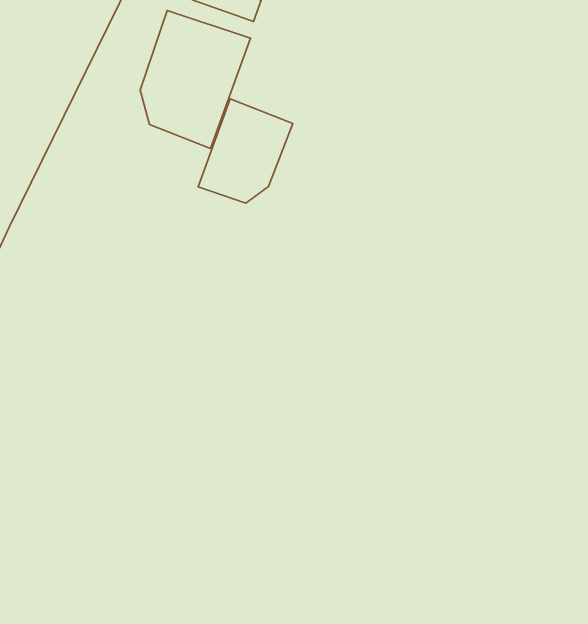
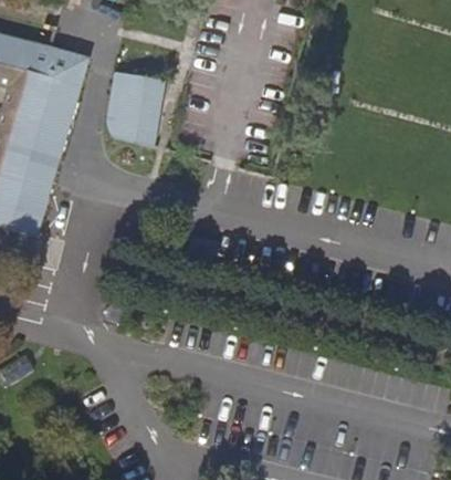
building: [198,99,293,203] -> none

